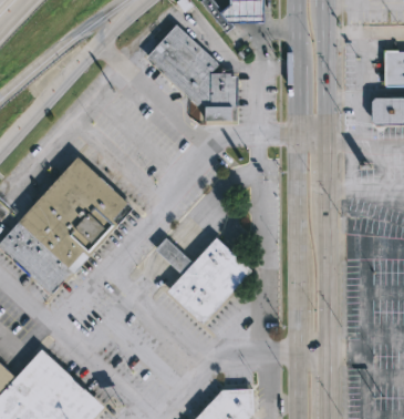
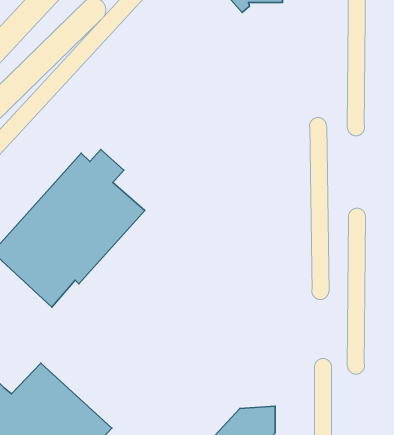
building: [147,24,238,121] -> none
building: [152,234,249,321] -> none

